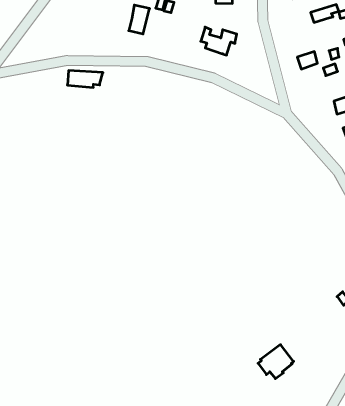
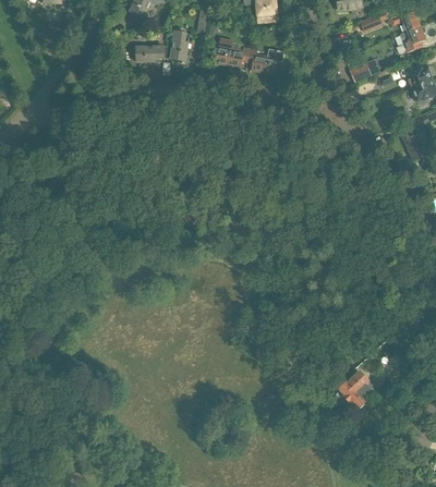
building: none -> [216,38,250,66]
building: [67,71,103,87] -> [136,45,172,61]

